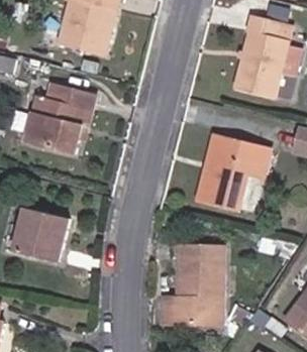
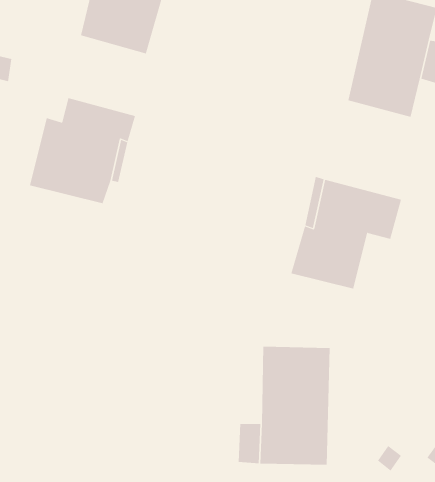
building: [13,207,69,262] -> none

